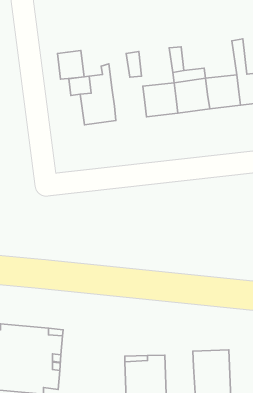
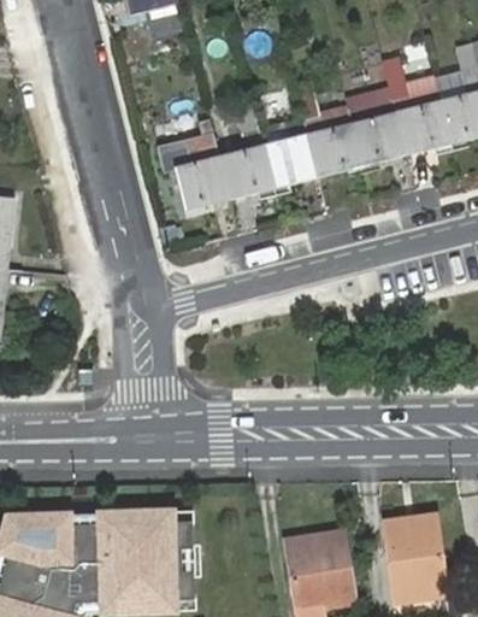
building: [58,51,84,79] -> none
building: none -> [219,145,273,199]

